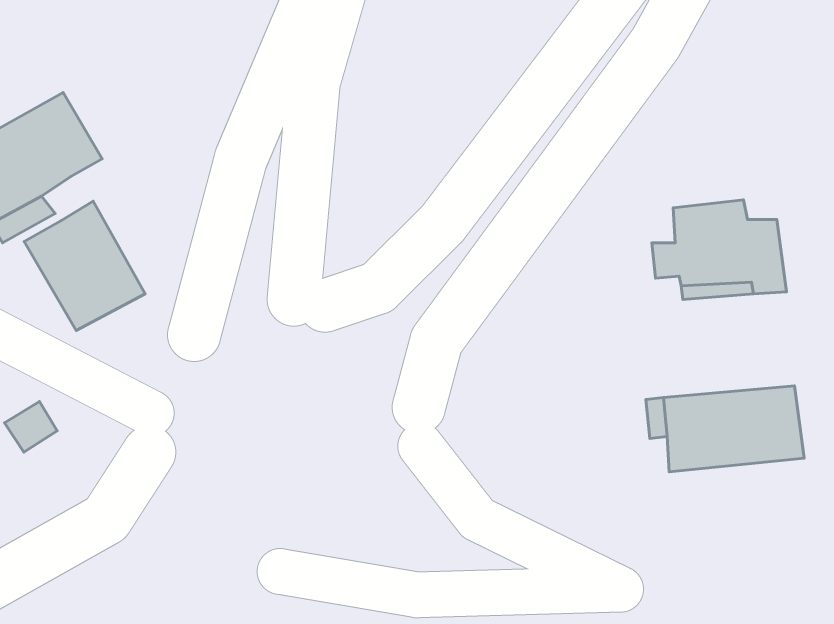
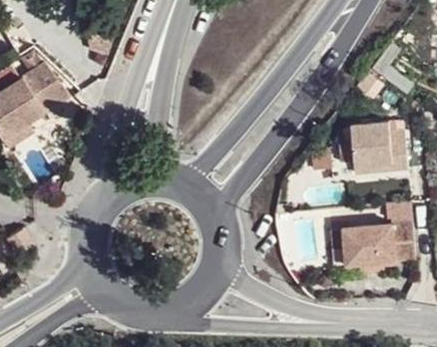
building: [24,201,145,331] -> none

